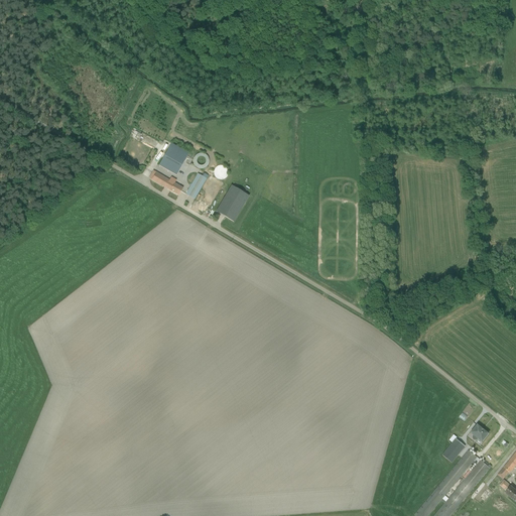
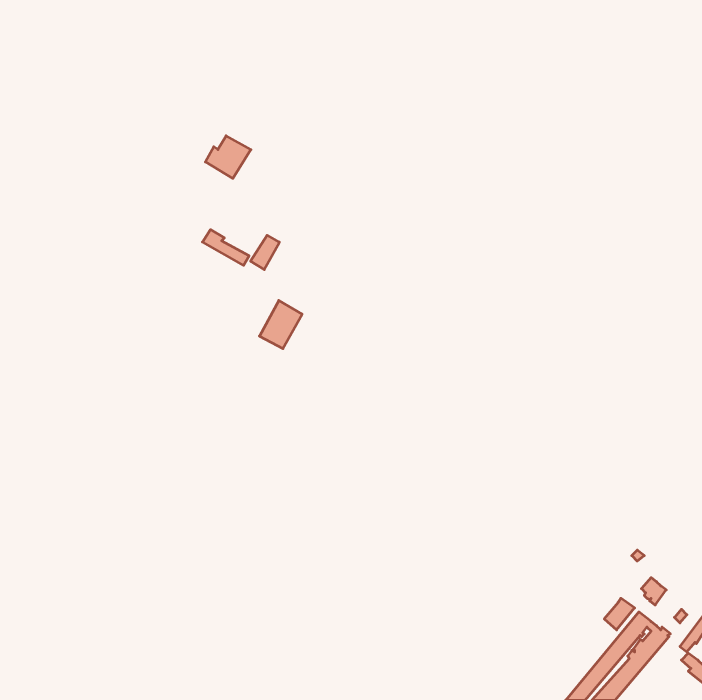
building: [156,143,189,174] -> [205,136,251,178]
building: [218,183,249,219] -> [259,300,302,349]

